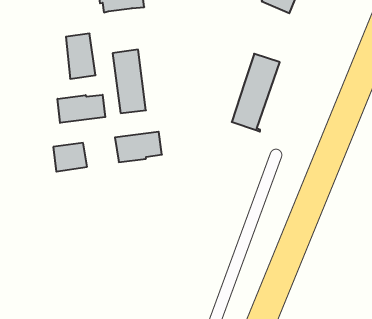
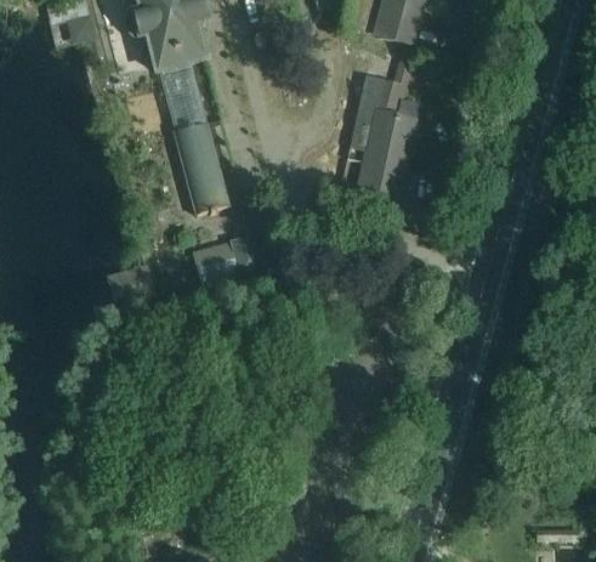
building: none -> [350,41,418,151]
building: [66,34,96,79] -> [160,66,209,132]
building: [58,95,105,123] -> none

